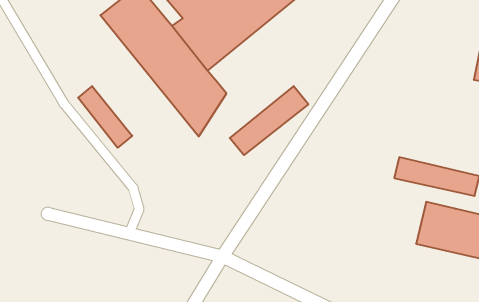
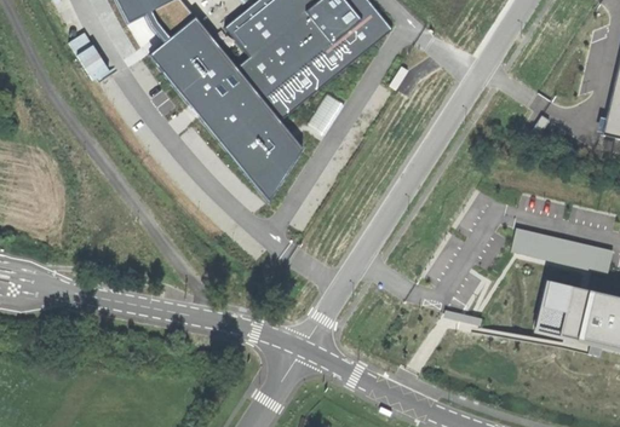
building: [230,86,308,155] -> none
building: [78,86,132,148] -> none

